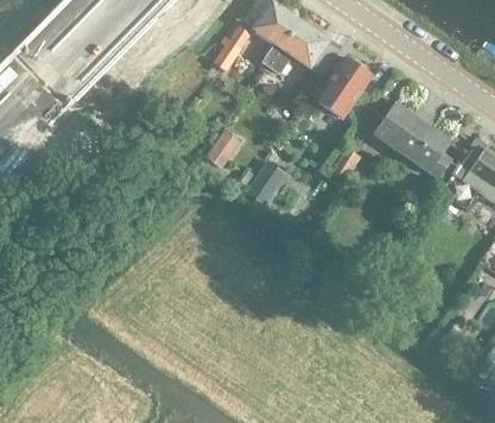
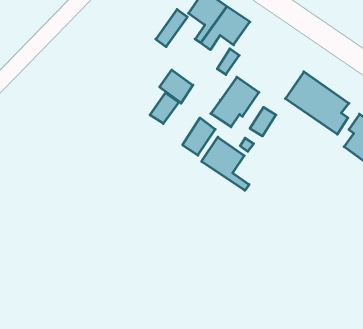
building: [313,55,373,116] -> [211,77,259,127]
building: none -> [160,70,193,103]
building: none -> [202,137,249,190]

